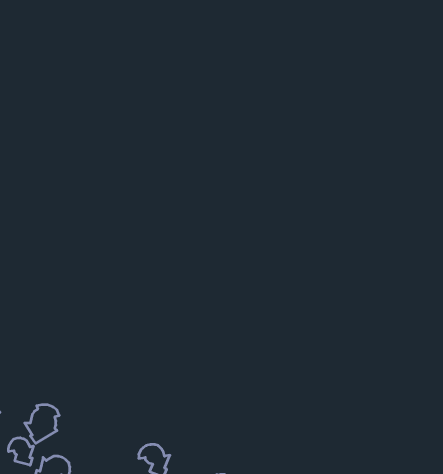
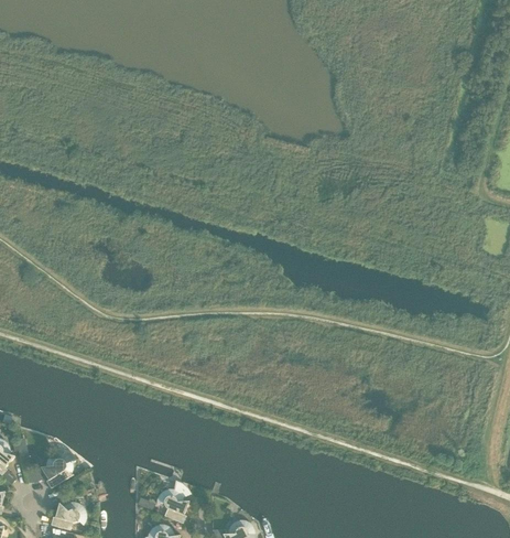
building: [8,438,33,465] -> none

